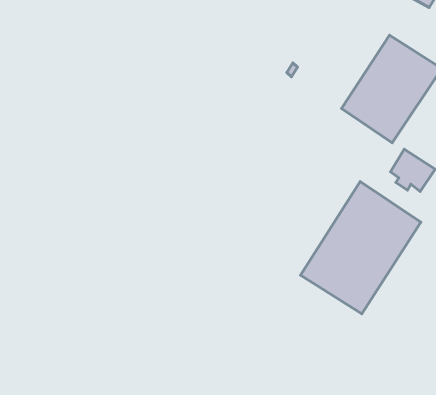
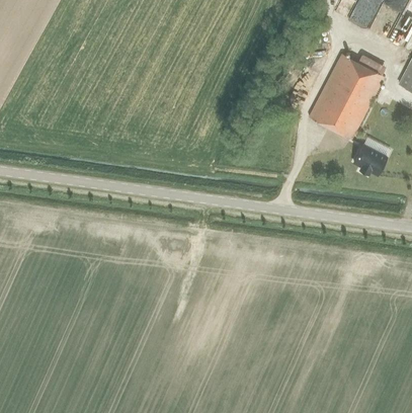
building: [300,182,421,314] -> none

